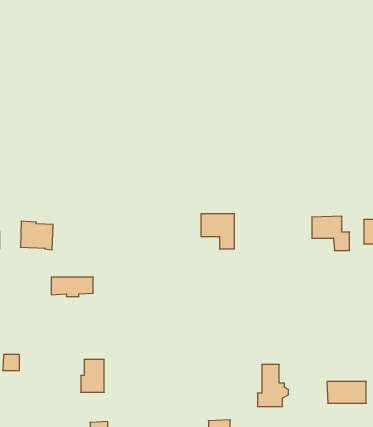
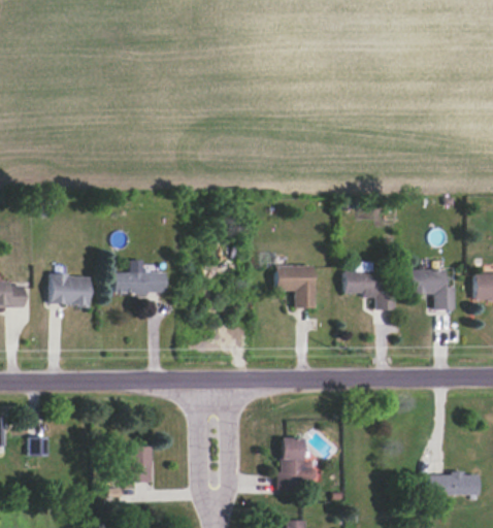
building: none -> [343,270,395,310]
building: [51,277,93,296] -> [117,272,168,296]
building: [257,365,289,407] -> [278,439,317,491]

